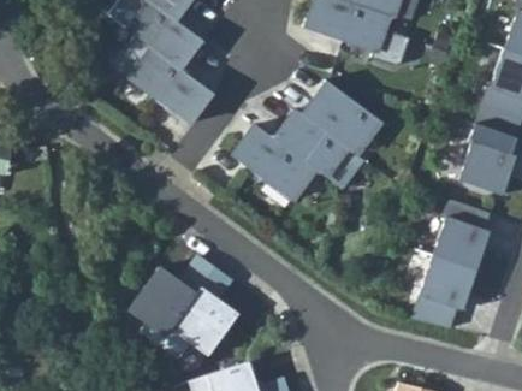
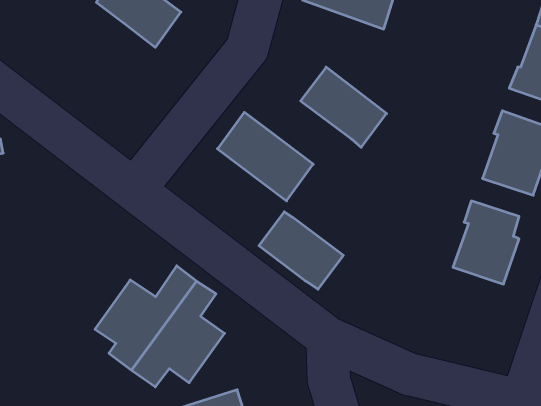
building: [129,48,212,124] -> none
building: [274,109,346,176] -> [259,212,343,289]
building: [411,256,476,327] -> none

